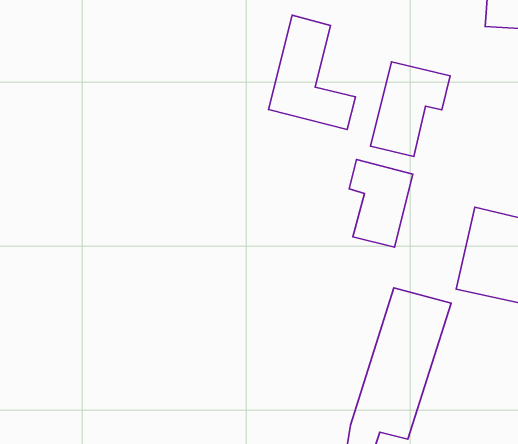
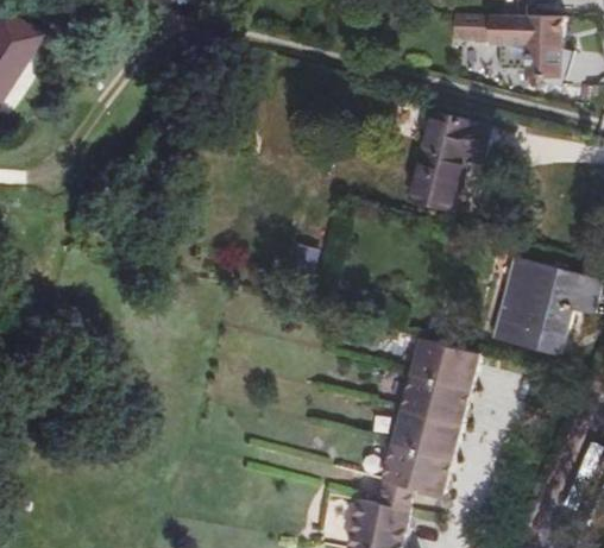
building: [268,15,355,130] -> none
building: [349,160,413,247] -> none

